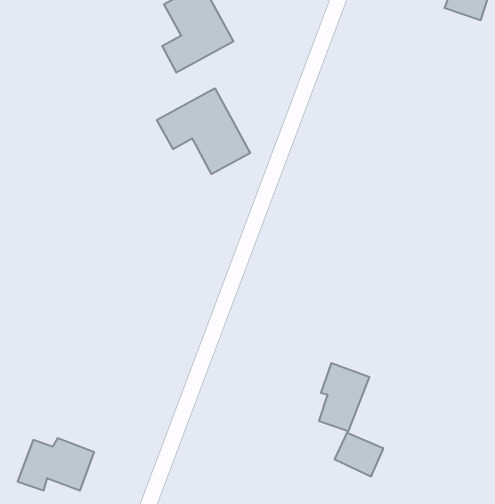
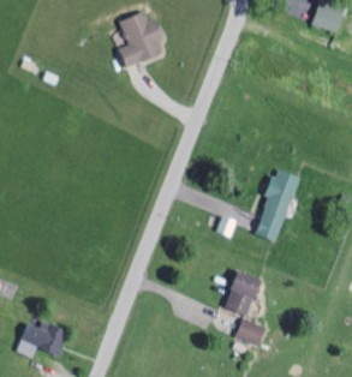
building: [157,88,250,174] -> none
building: none -> [255,168,302,244]

